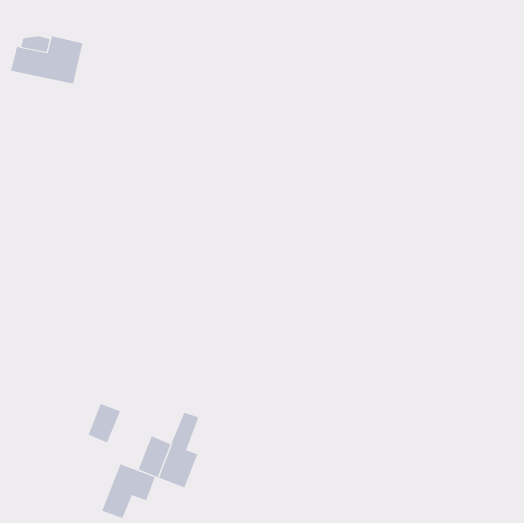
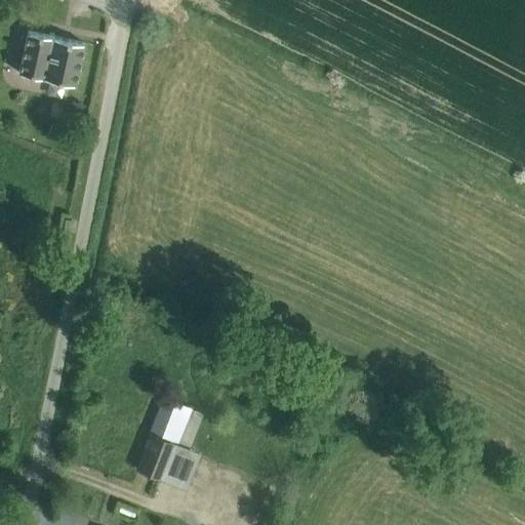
building: [88,403,121,443] -> [151,405,184,445]
building: [101,463,156,519] -> none

